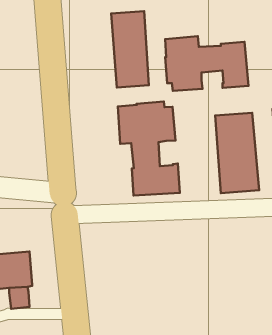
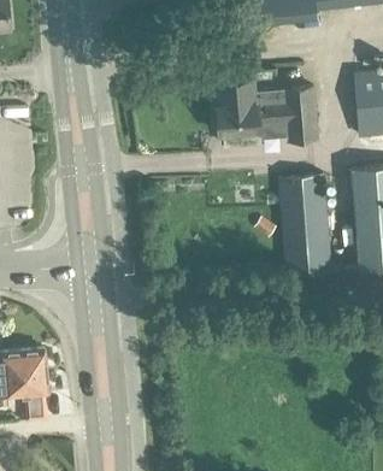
building: [111,11,149,88] -> none
building: [118,102,180,196] -> none

